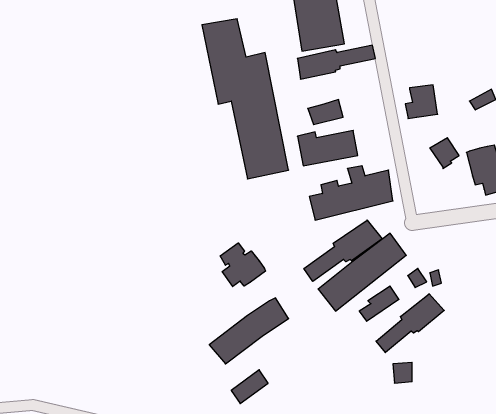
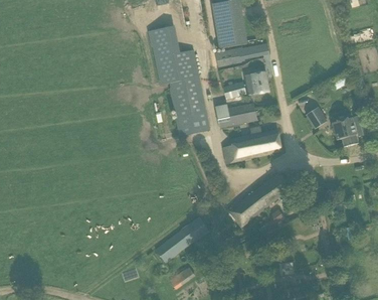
building: [405,85,438,119] -> [246,71,268,95]
building: [304,220,382,281] -> none
building: [220,243,266,287] -> none
building: [376,294,444,353] -> none

